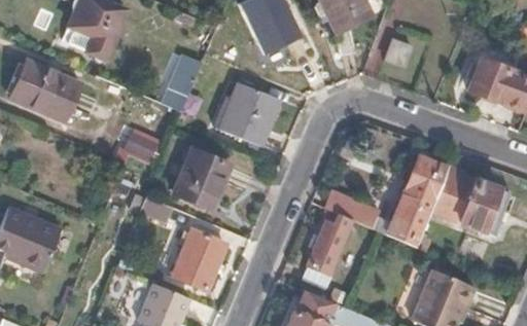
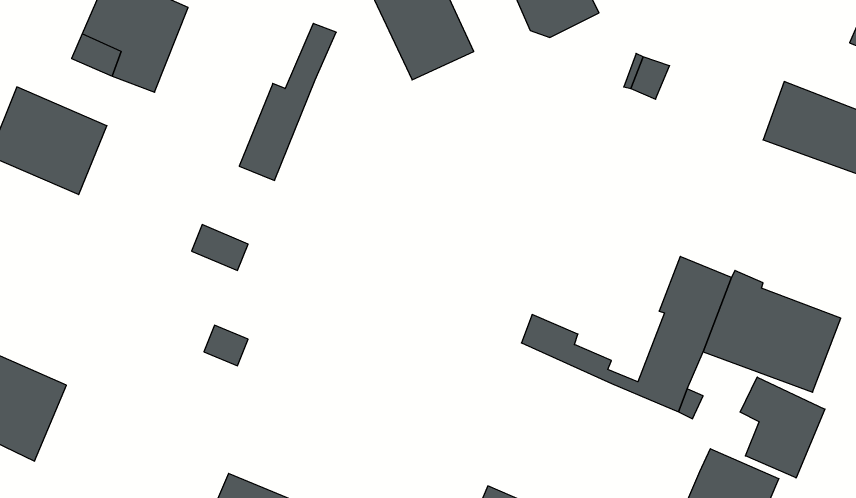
building: [220,85,280,147] -> none
building: [172,149,231,210] -> none
building: [309,221,348,273] -> none
building: none -> [740,377,825,478]
building: [172,228,225,289] -> none

